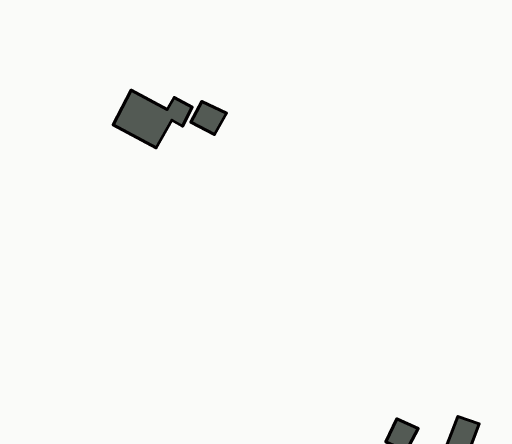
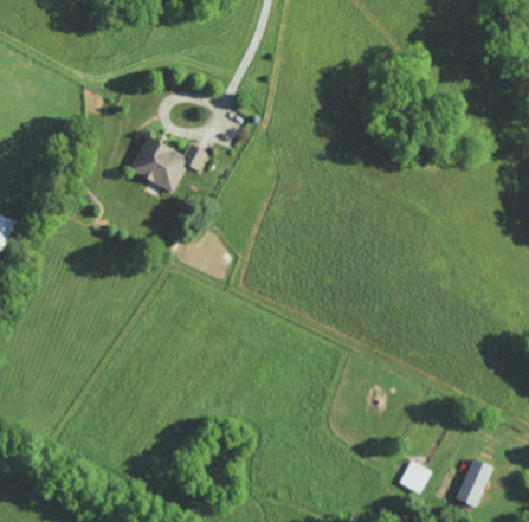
building: [191,102,227,135] -> none

